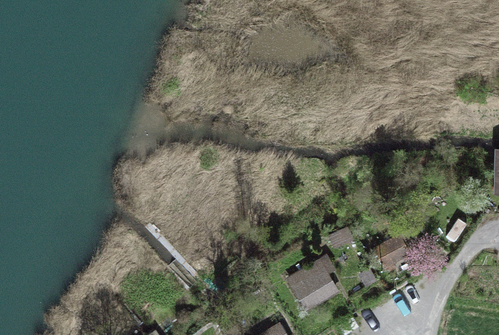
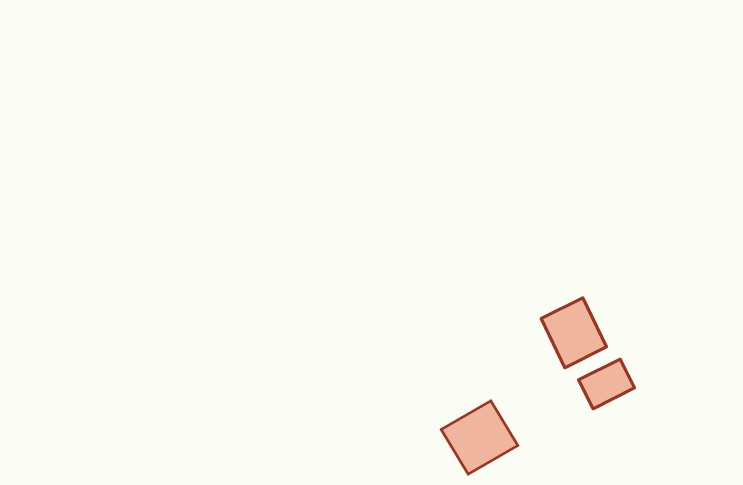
building: none -> [541,298,607,368]

